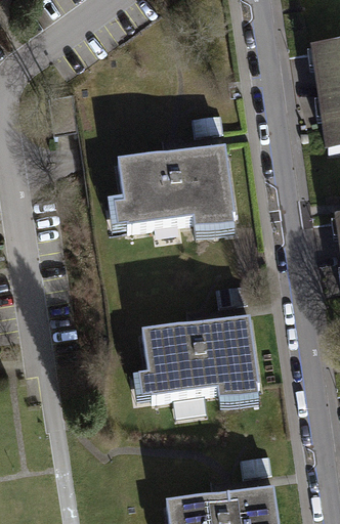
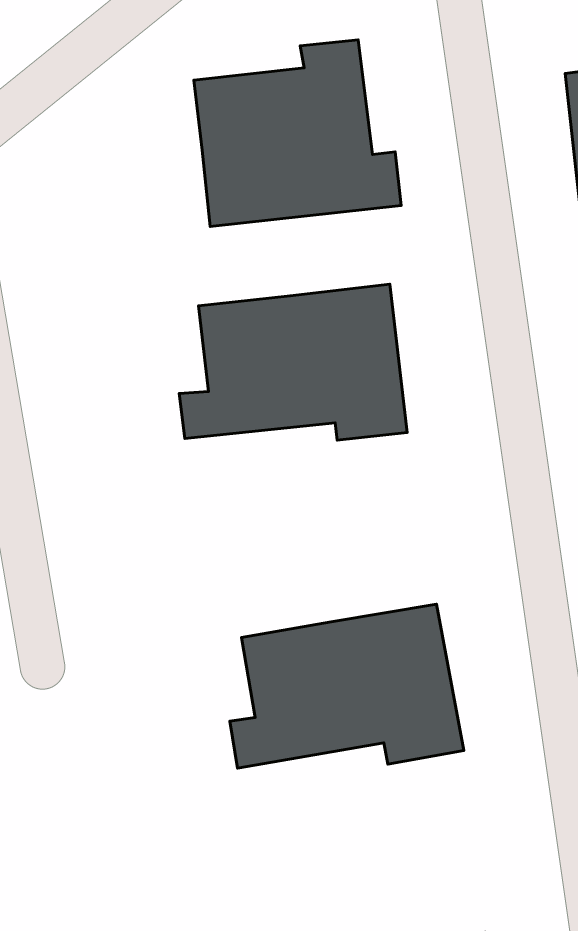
building: none -> [194,40,401,226]

